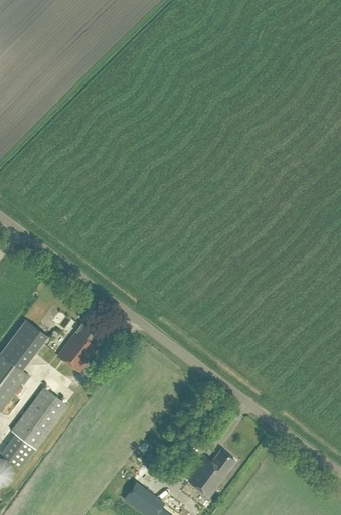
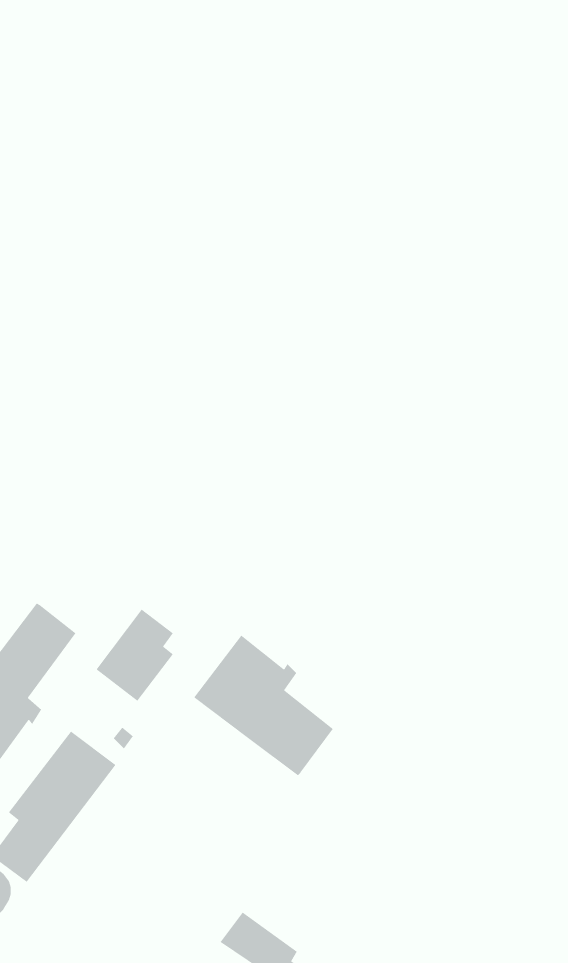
building: none -> [193,635,334,776]
building: [188,450,235,497] -> none

